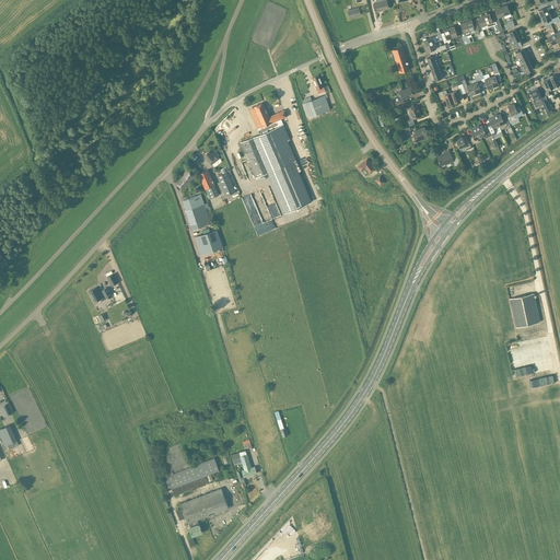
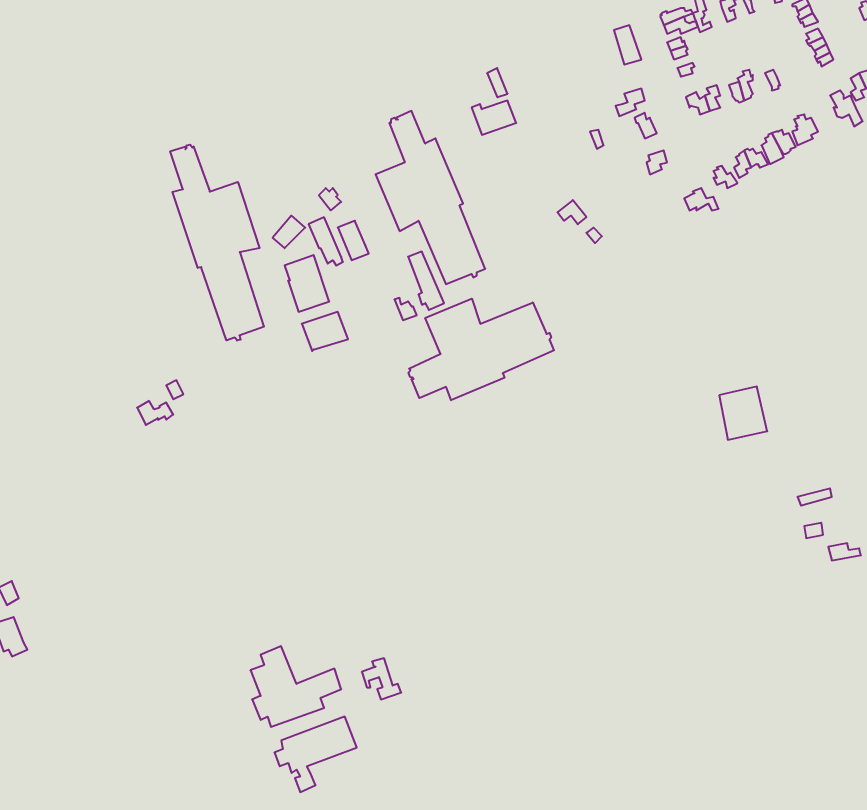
building: none -> [170,145,264,341]
building: none -> [409,299,554,400]
building: [510,293,540,327] -> [719,387,767,440]

